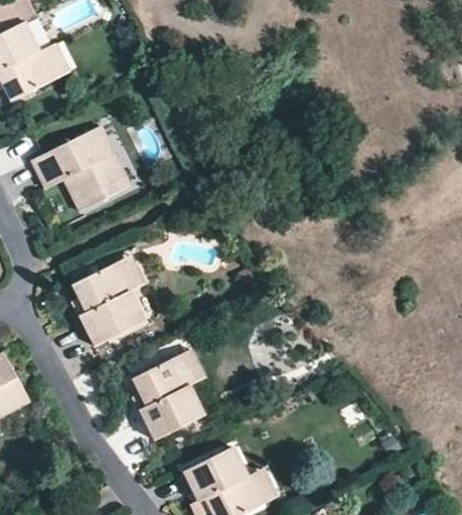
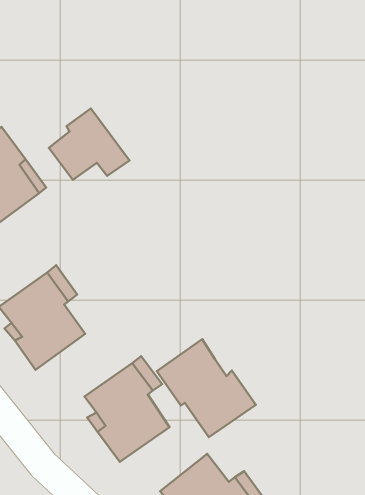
building: none -> [49,108,129,180]
building: none -> [157,339,256,437]

